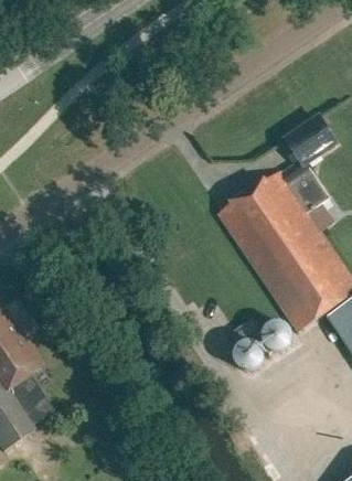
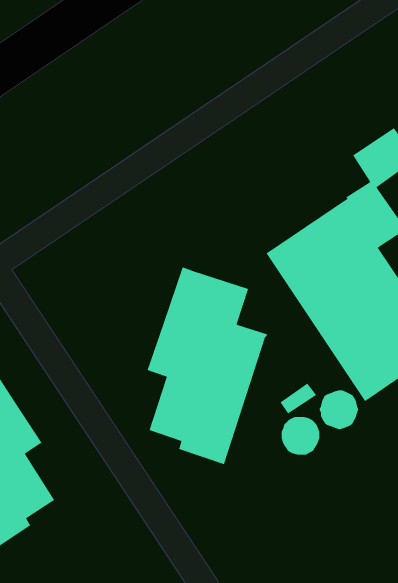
building: none -> [147,266,268,465]

